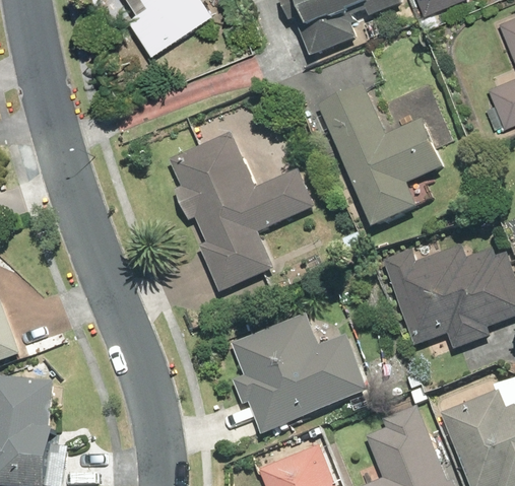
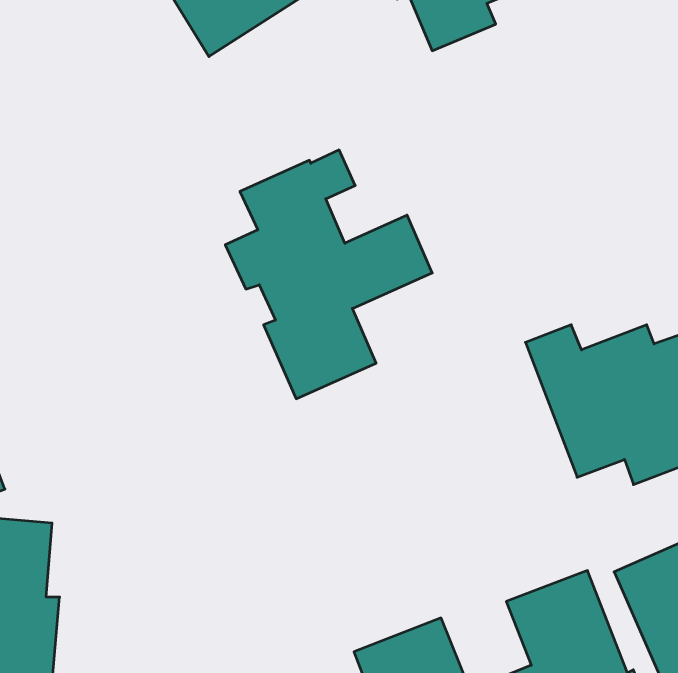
building: [316,81,447,232] -> none
building: [227,309,370,436] -> none

